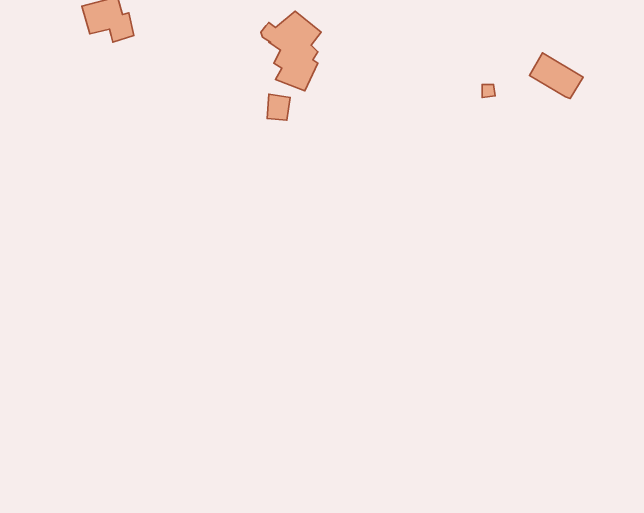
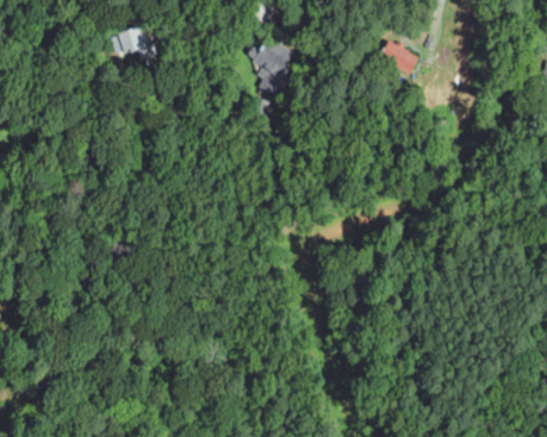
building: [530,53,583,98] -> [379,42,418,75]

